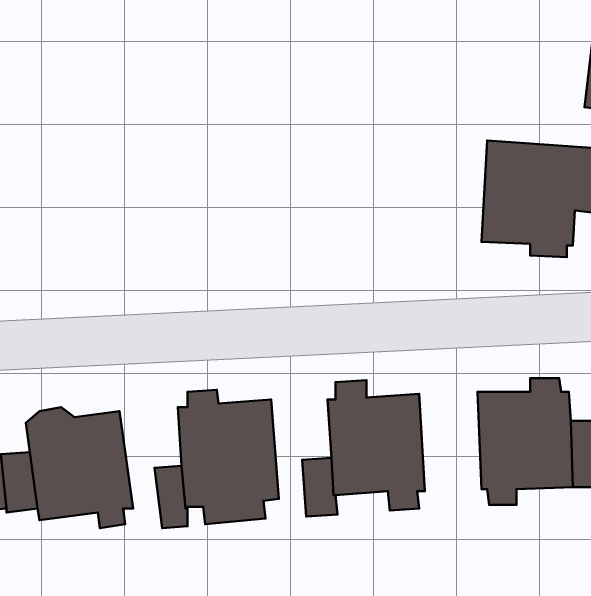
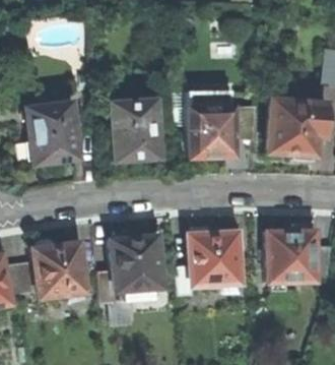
building: none -> [112,101,158,161]
building: none -> [26,102,80,164]
building: none -> [189,102,233,157]

